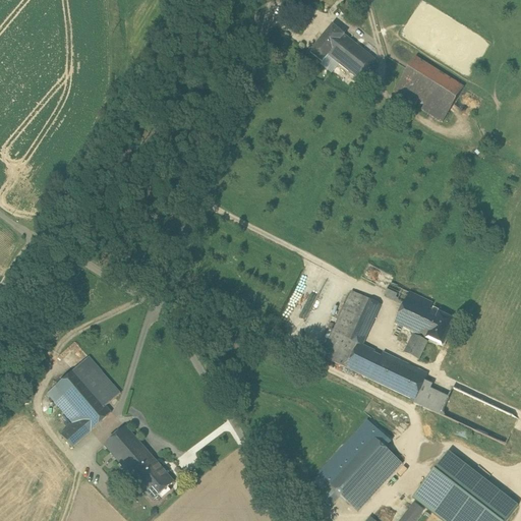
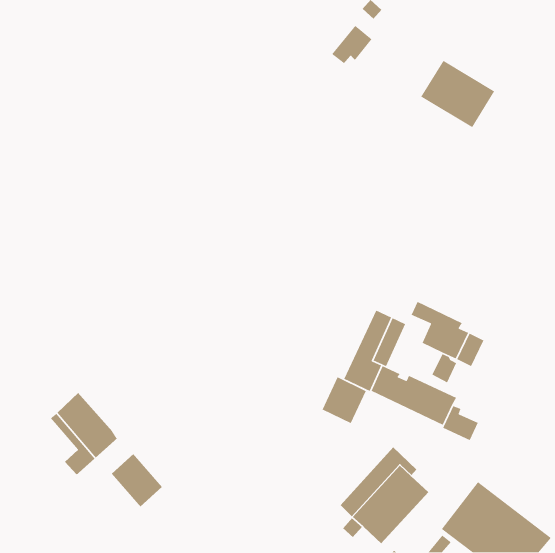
building: [333,37,375,78] -> none
building: none -> [322,376,367,424]
building: [73,355,120,404] -> none
building: [131,456,174,499] -> none

